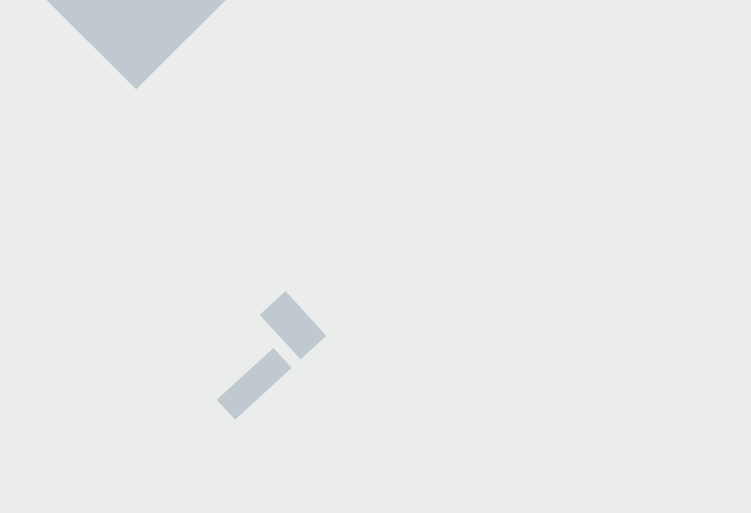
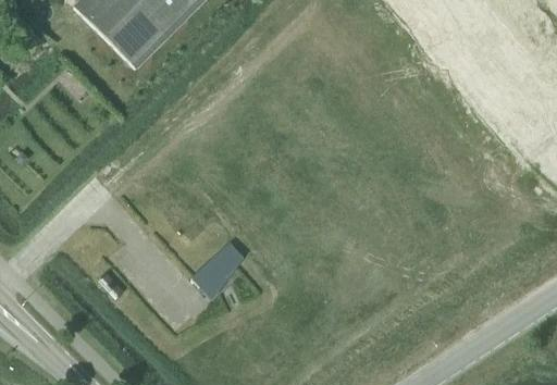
building: [259,290,327,360] -> none

